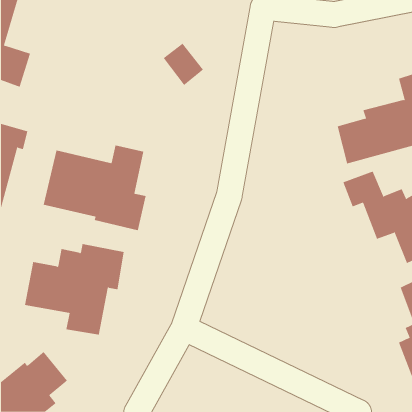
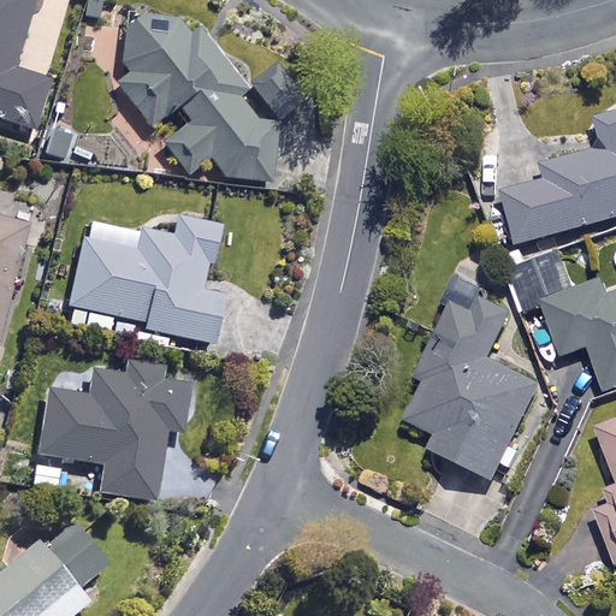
building: none -> [109,13,274,184]
building: none -> [398,279,537,479]

